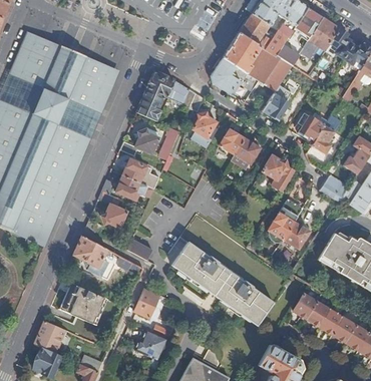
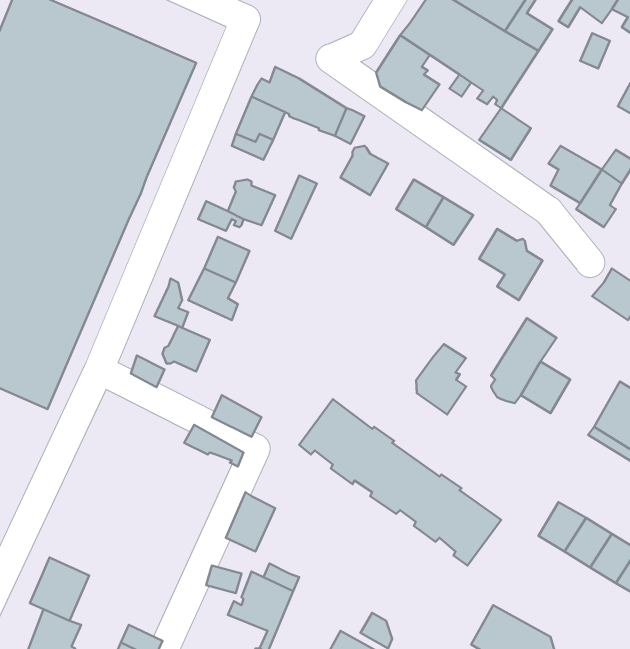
building: none -> [416,344,466,414]
building: [74,236,107,267] -> none
building: [59,283,103,323] -> none

